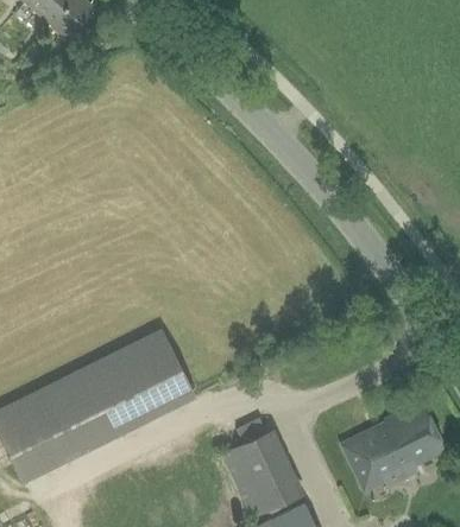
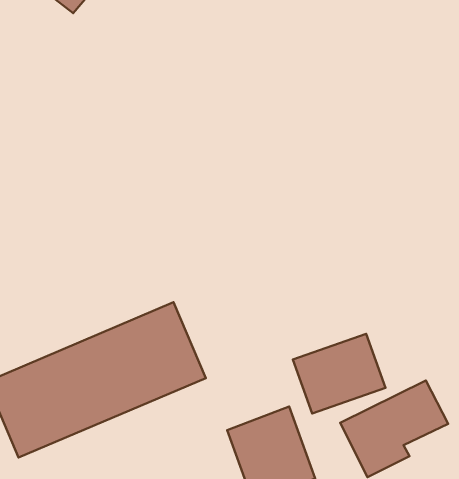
building: none -> [293,334,386,414]

